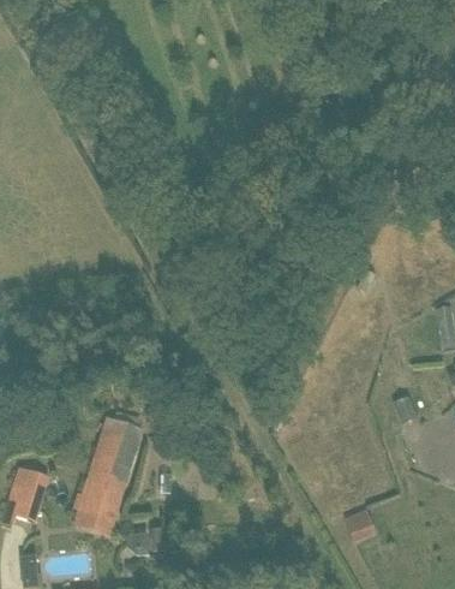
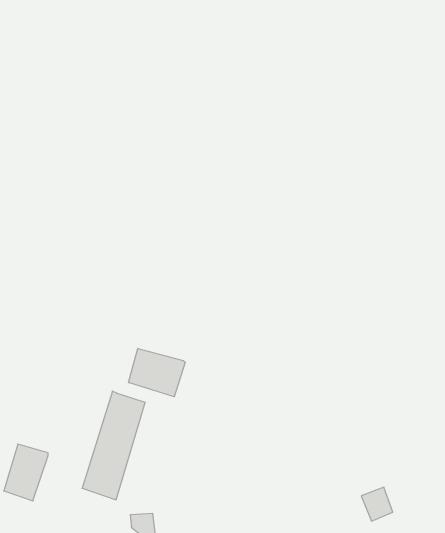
building: none -> [129,348,185,397]

